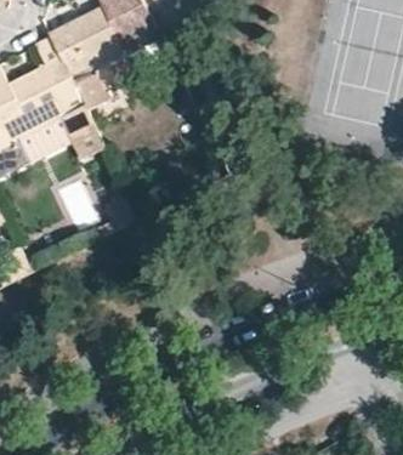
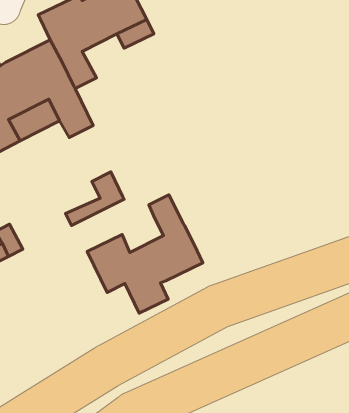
building: none -> [87,195,203,313]

